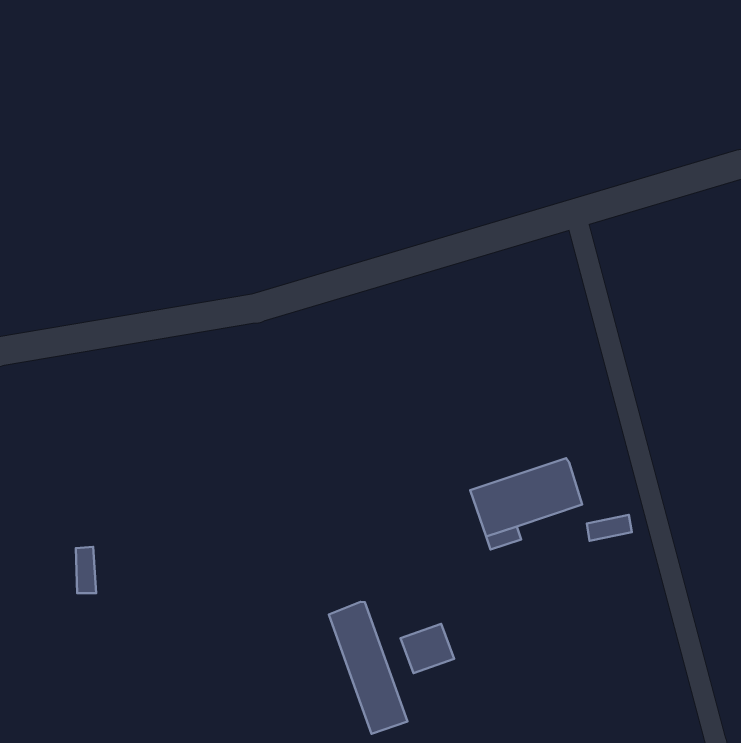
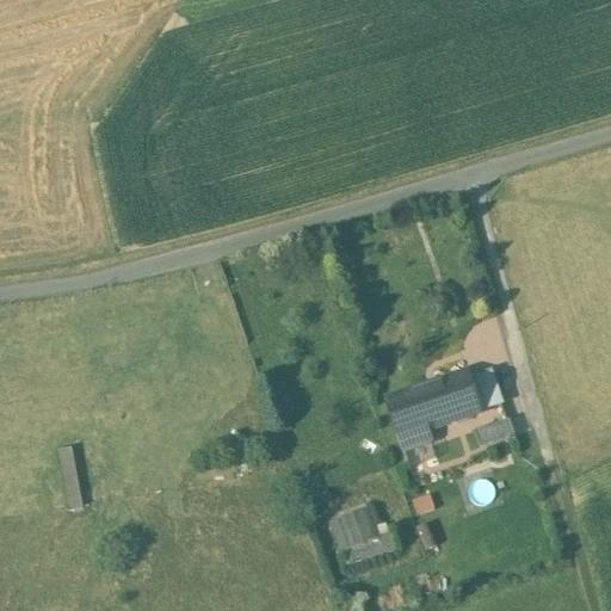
building: none -> [467,371,504,414]
building: [329,602,407,734] -> none

